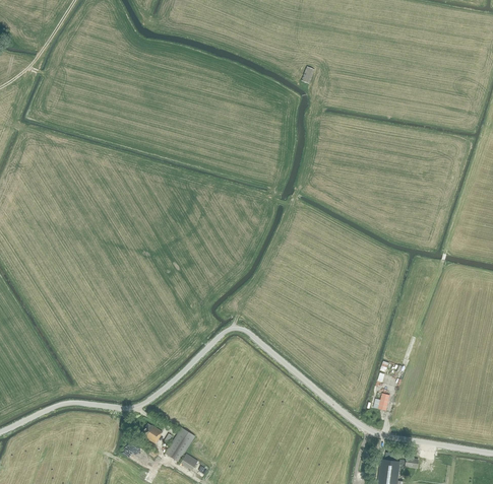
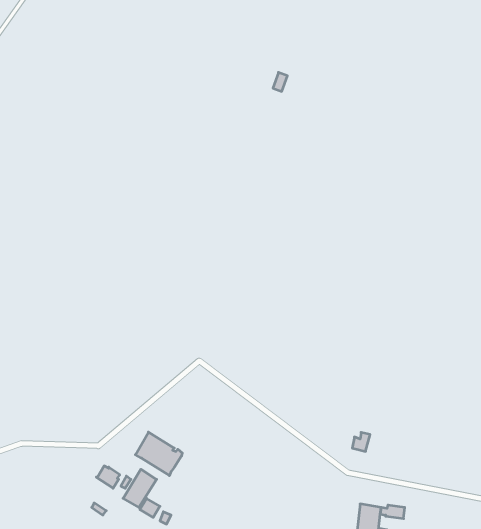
building: none -> [135,432,182,476]

